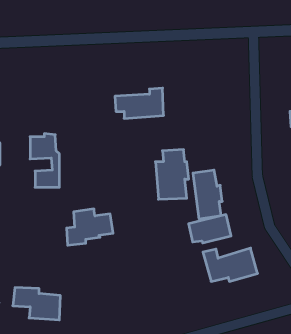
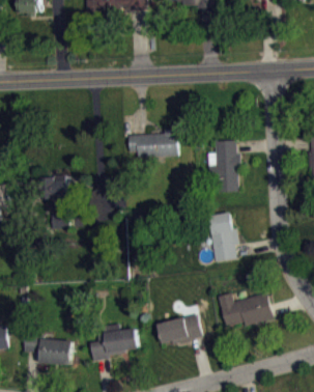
building: [155,150,189,199] -> [206,141,240,192]
building: [67,209,113,245] -> [90,324,138,361]
building: [189,215,231,243] -> [158,315,201,344]

